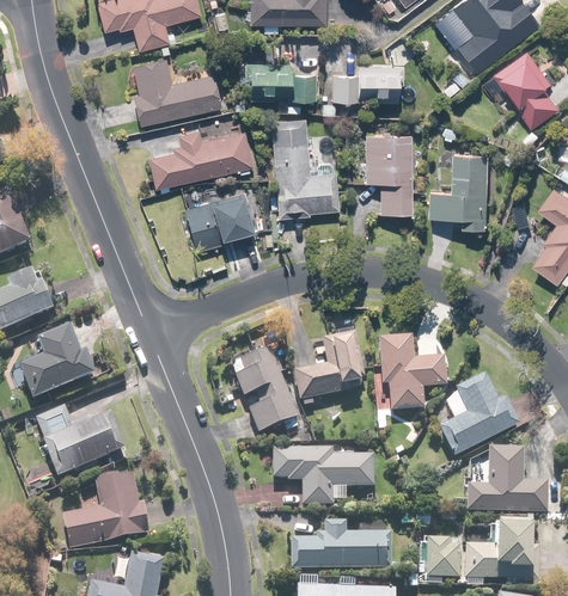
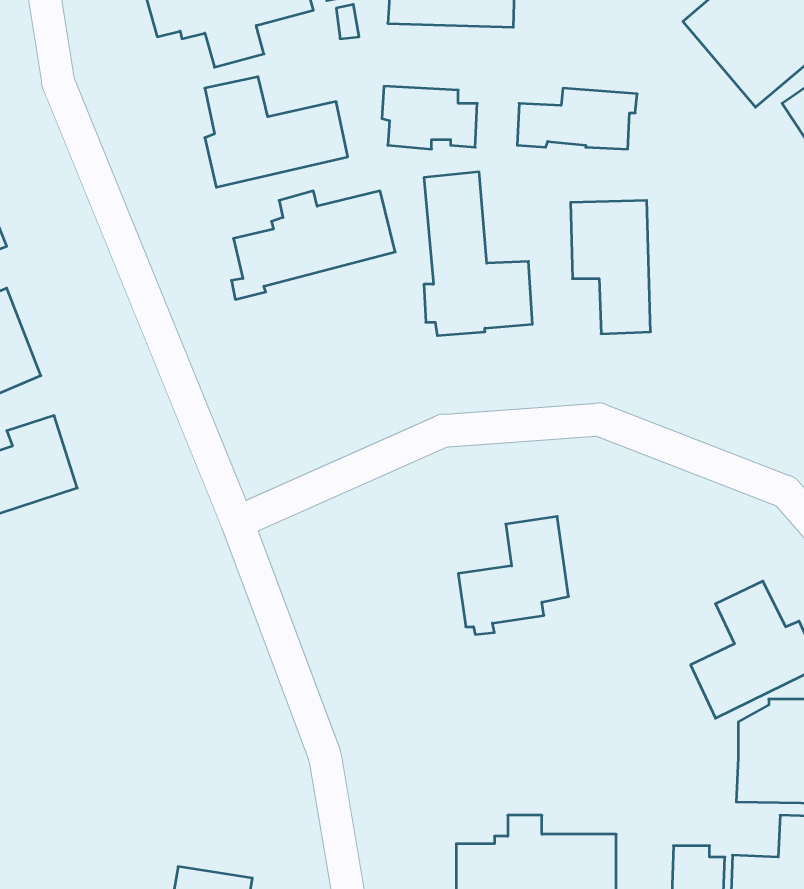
building: [429,153,489,228] -> none
building: [185,191,255,248] -> none
building: [19,326,96,398] -> none
building: [377,334,446,411] -> none
building: [234,346,300,435] -> none
building: [35,403,126,475] -> none
building: [269,444,374,505] -> none
building: [61,472,151,548] -> none

